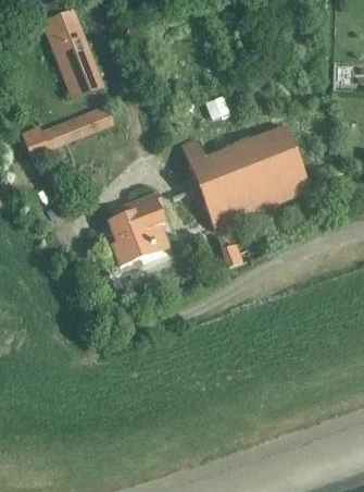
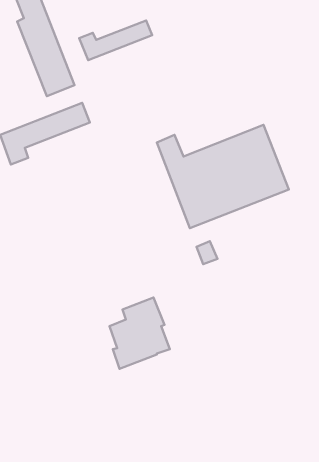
building: none -> [79,20,152,60]
building: [110,194,170,265] -> [109,298,170,369]

